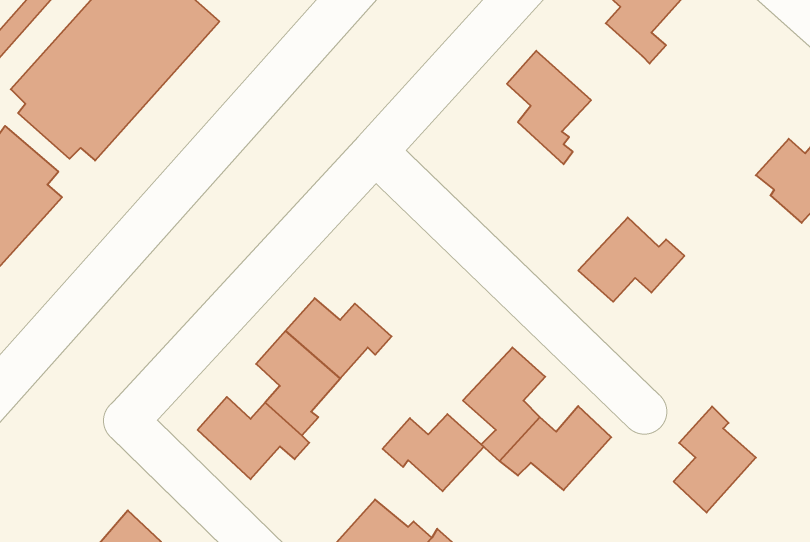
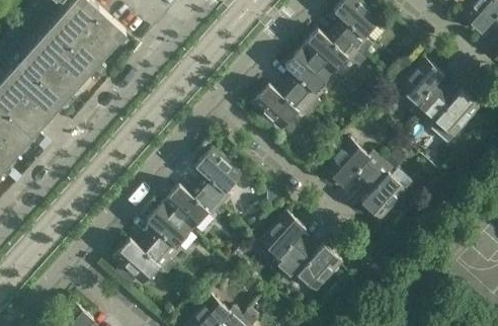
building: none -> [302,29,360,75]
building: none -> [399,58,444,116]
building: none -> [253,84,317,130]
building: none -> [195,148,243,206]
building: [674,406,756,513] -> [362,161,408,220]
building: [383,414,484,491] -> none

